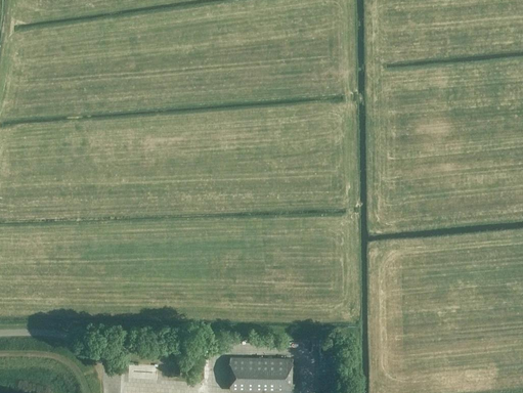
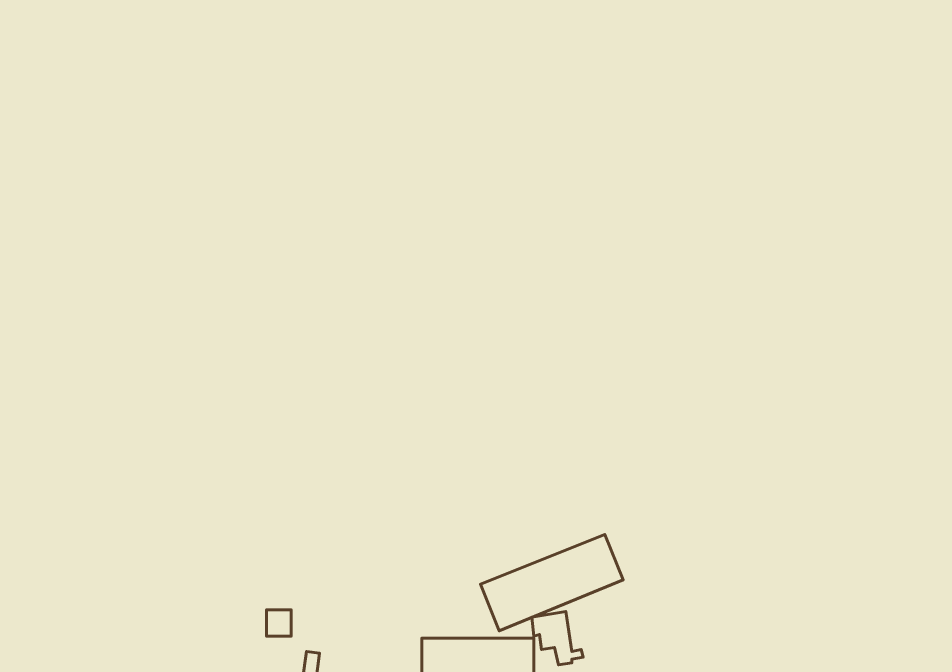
building: none -> [481,534,623,631]

